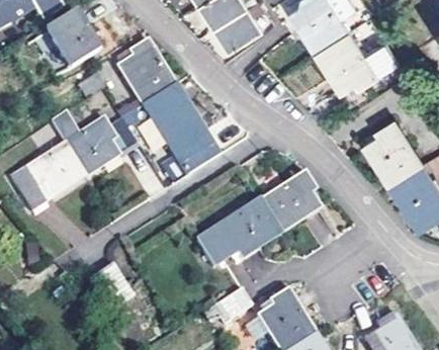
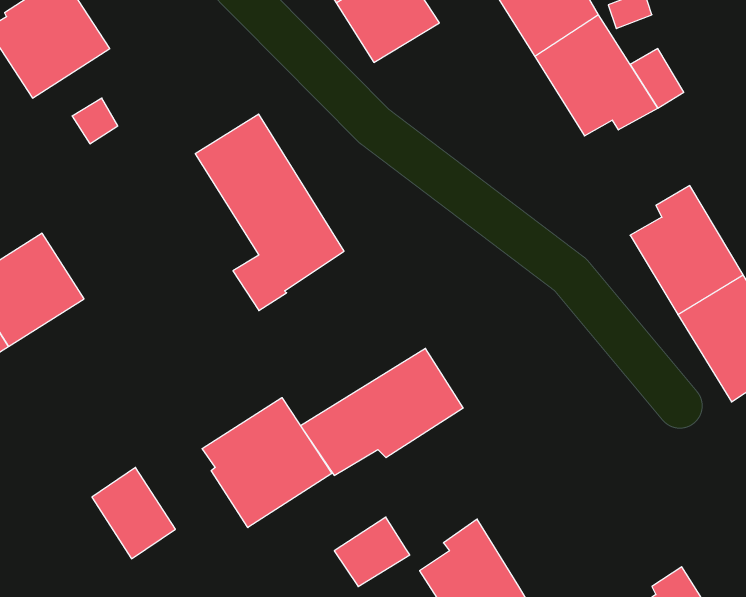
building: [116,35,175,102] -> none
building: [52,113,137,176] -> none
building: [260,172,320,232] -> none
building: none -> [202,398,332,528]

